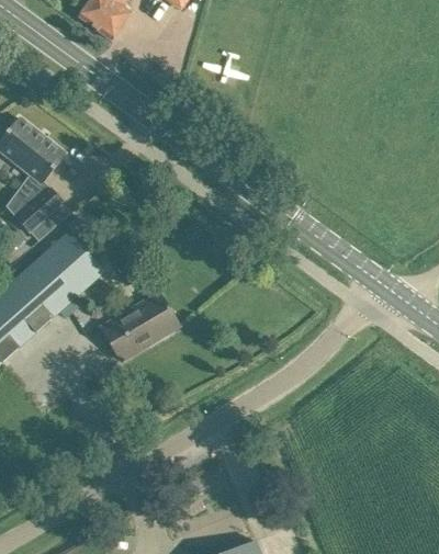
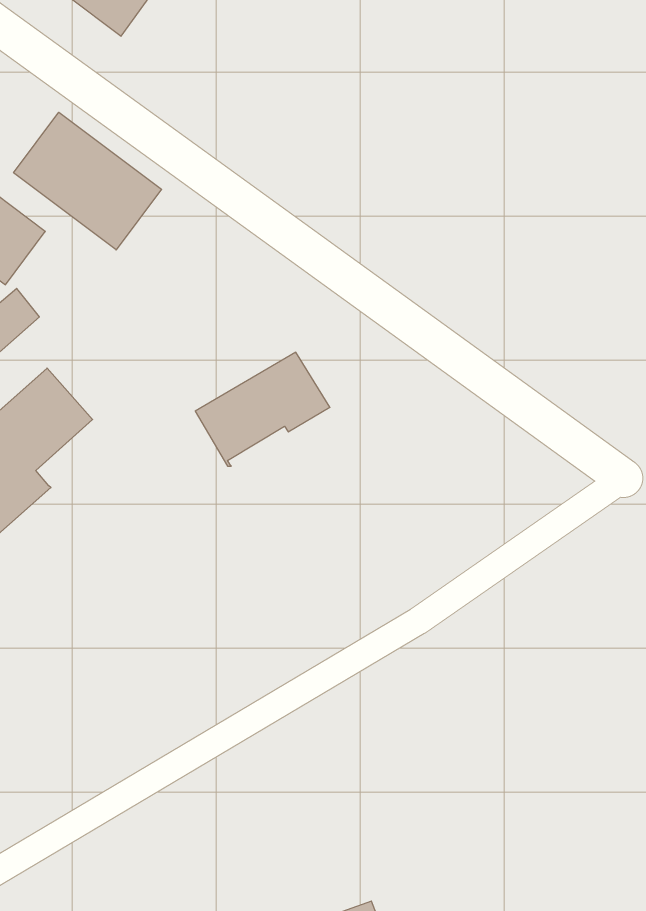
building: none -> [14,112,162,250]
building: [101,294,179,360] -> [195,352,330,466]

